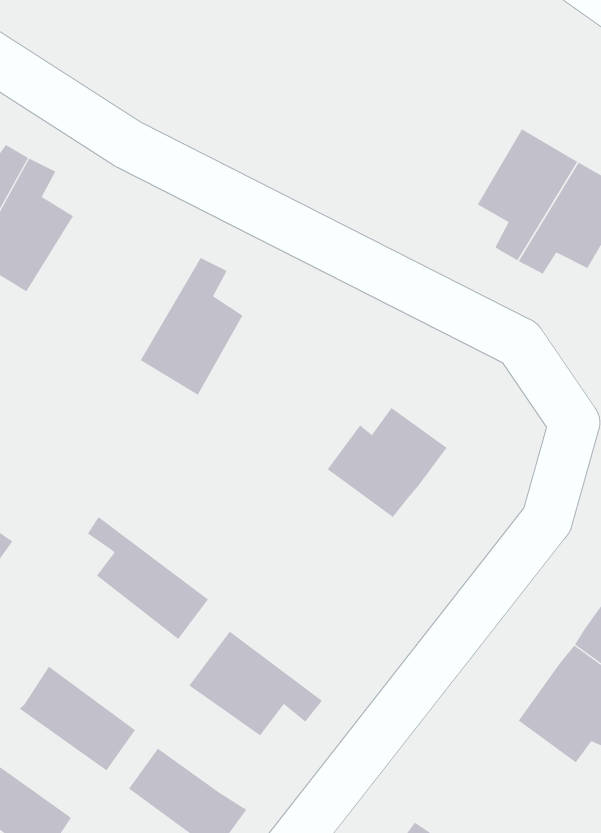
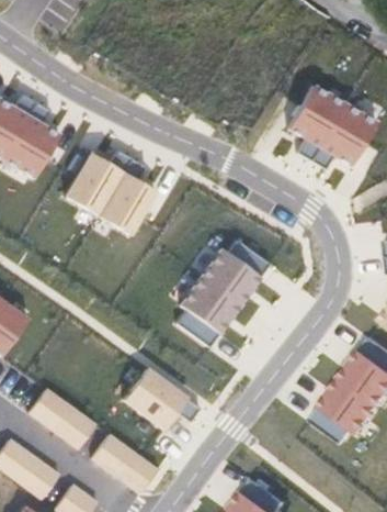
building: none -> [64,151,132,216]
building: none -> [178,278,240,346]
building: [87,516,209,640] -> none

